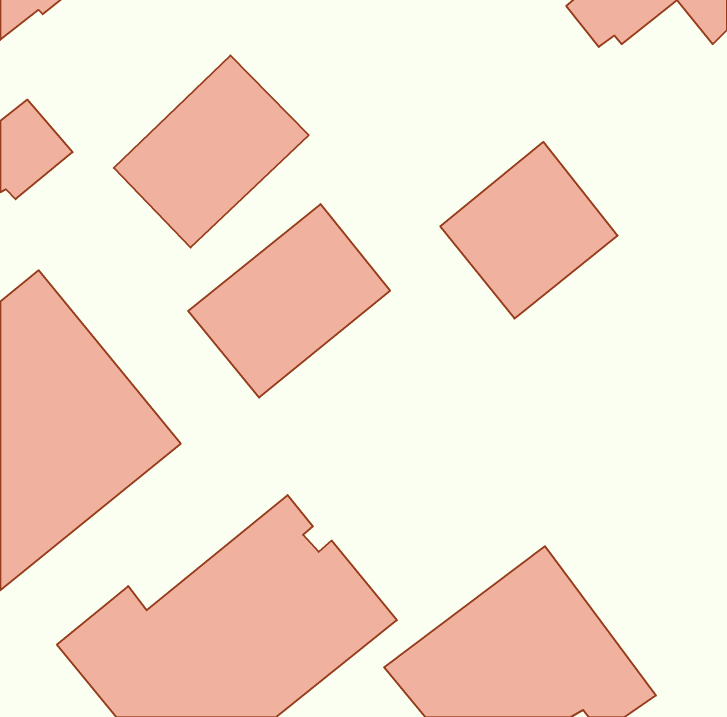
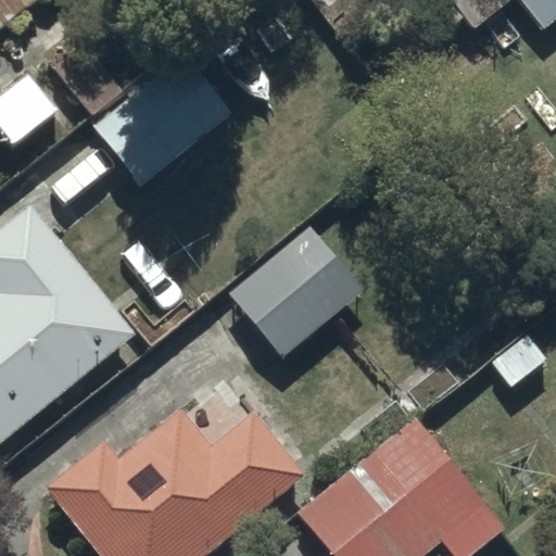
building: [440,142,618,319] -> none
building: [188,204,390,398] -> [224,215,378,363]

